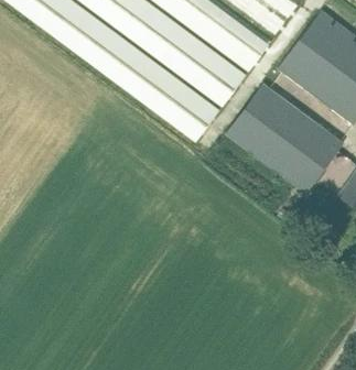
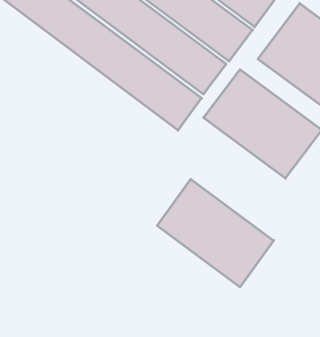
building: none -> [157,179,274,287]

